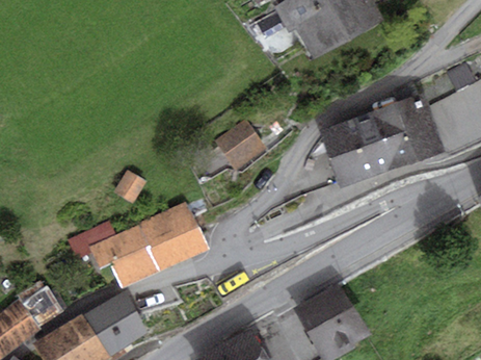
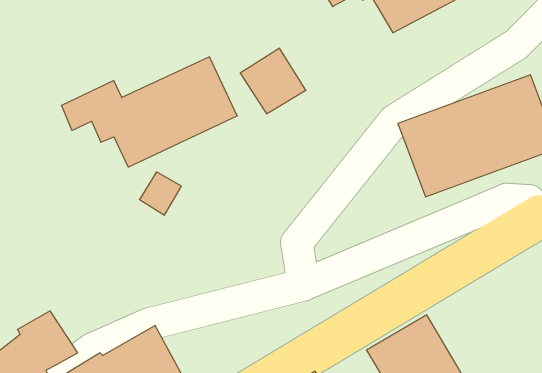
building: [214,119,266,171] -> [240,48,306,114]
building: [68,201,207,288] -> [61,57,237,167]

